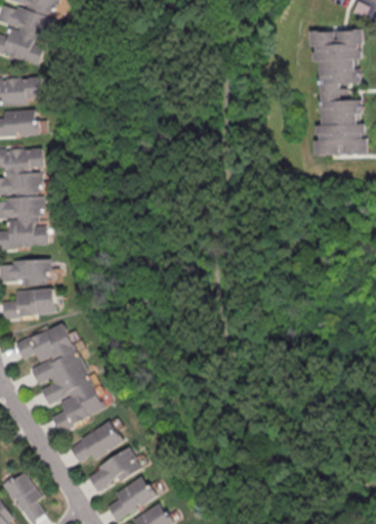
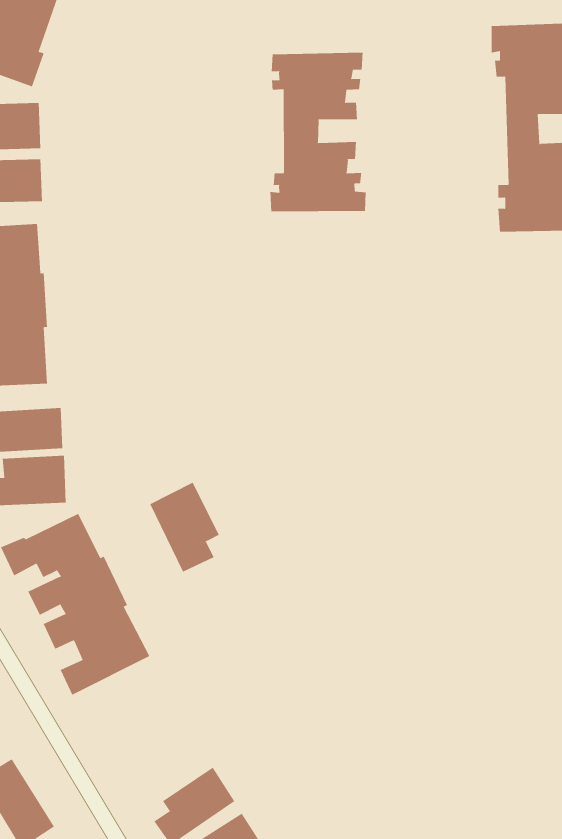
building: none -> [270,52,366,212]
building: none -> [150,482,220,572]
building: [71,420,125,467] -> none
building: [87,447,143,493] -> none

